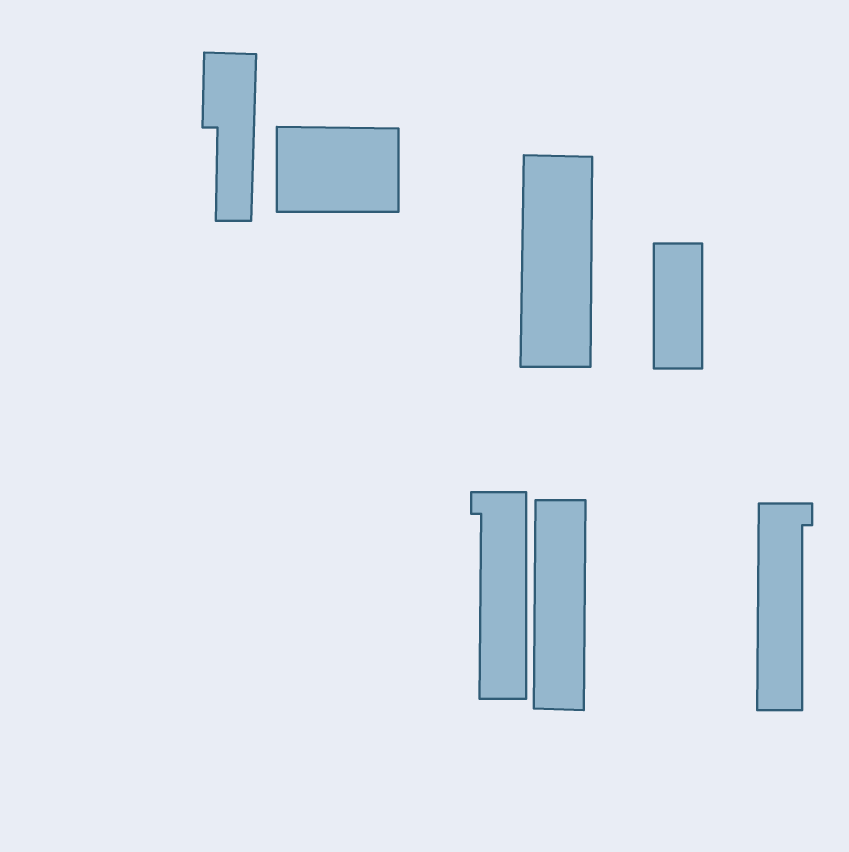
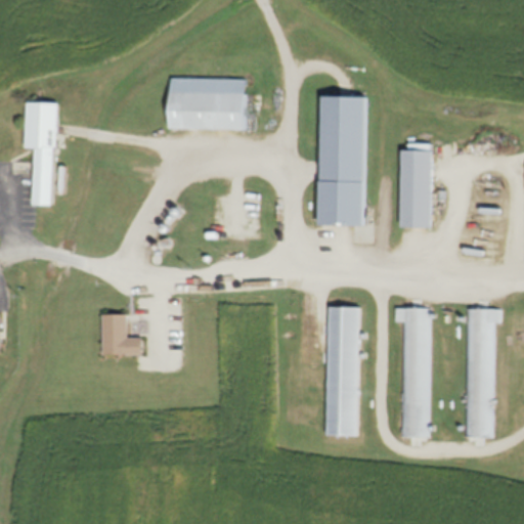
building: [203,52,256,221] -> [26,101,58,205]
building: [471,492,526,699] -> [395,309,429,436]
building: none -> [102,313,143,354]

